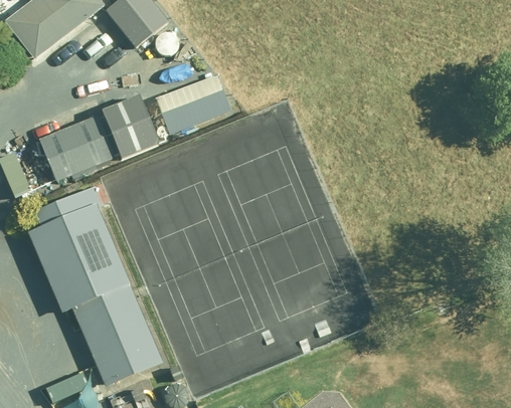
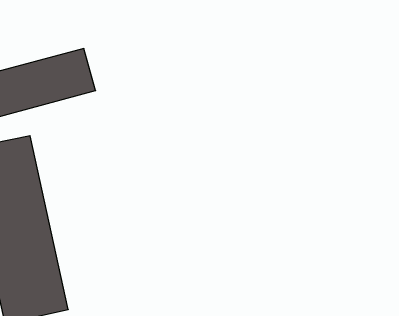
building: [158,73,232,134] -> none

